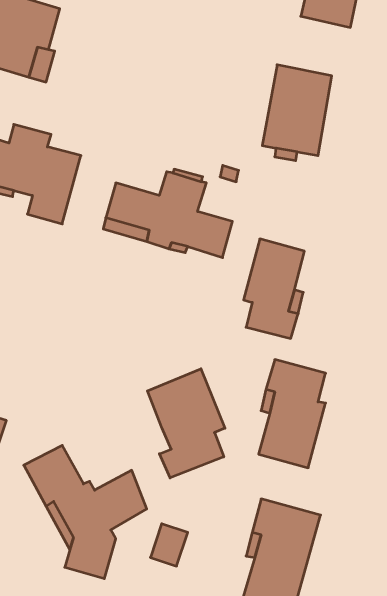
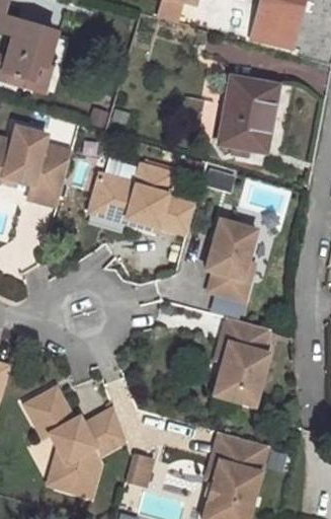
building: [147,369,225,478] -> none

